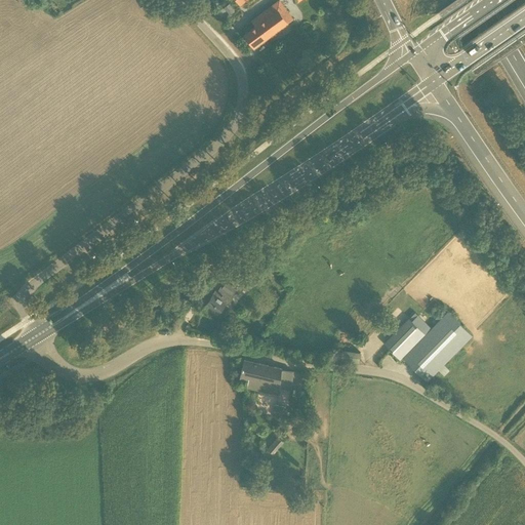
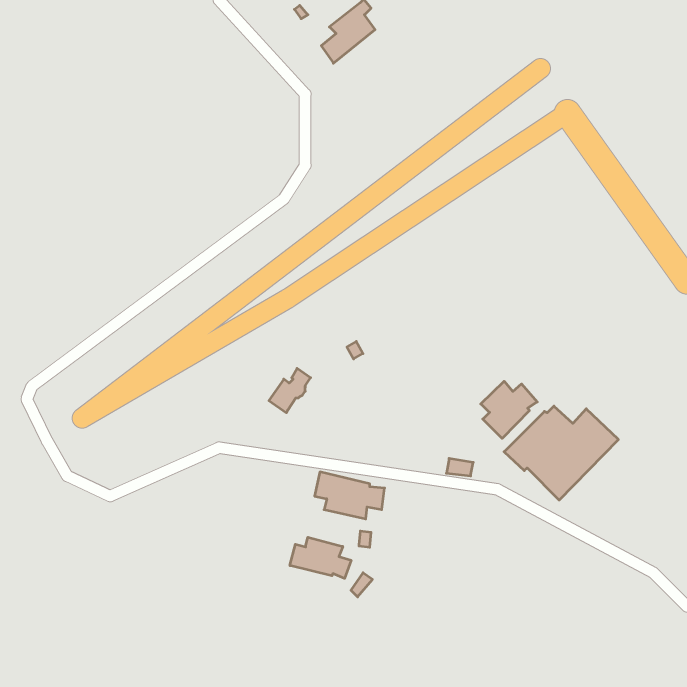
building: none -> [481,381,537,438]
building: none -> [290,537,351,578]

